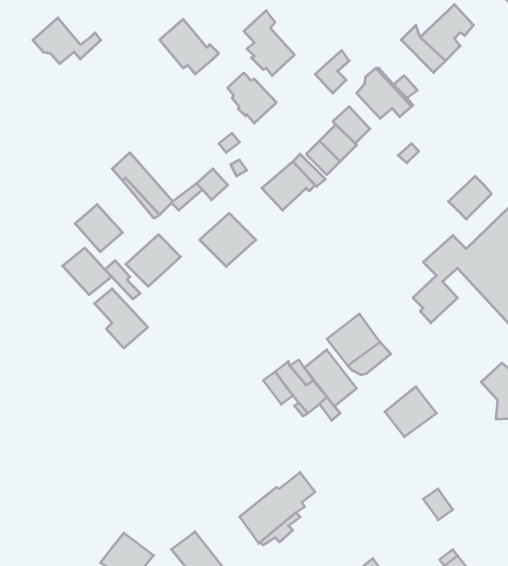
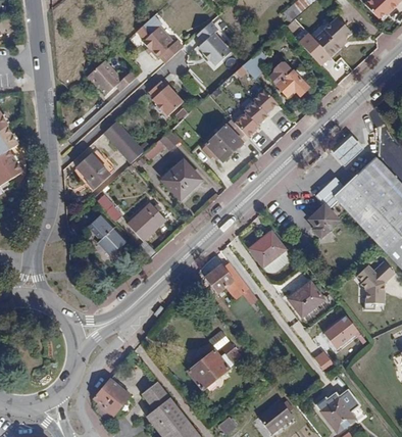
building: [33,18,101,64] -> [82,64,129,96]
building: [228,73,276,123] -> [148,83,182,117]
building: [126,235,181,286] -> [128,204,165,240]
building: [62,248,111,295] -> none
building: [305,350,357,406] -> none
building: none -> [324,314,359,348]

